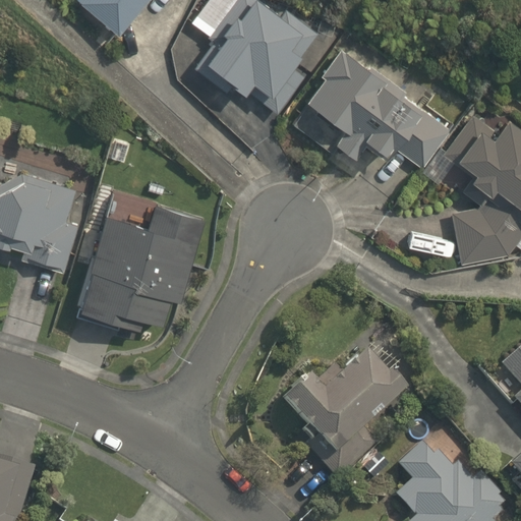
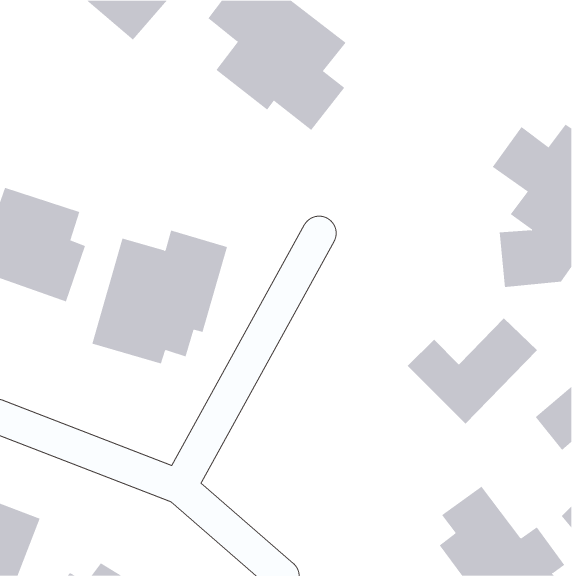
building: [308,50,445,169] -> none
building: [285,359,403,456] -> [407,318,538,425]

